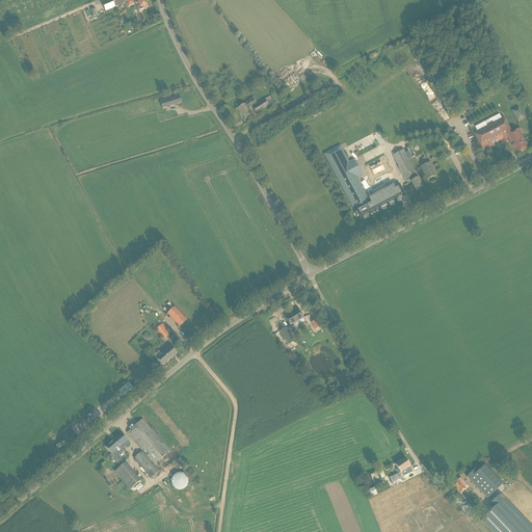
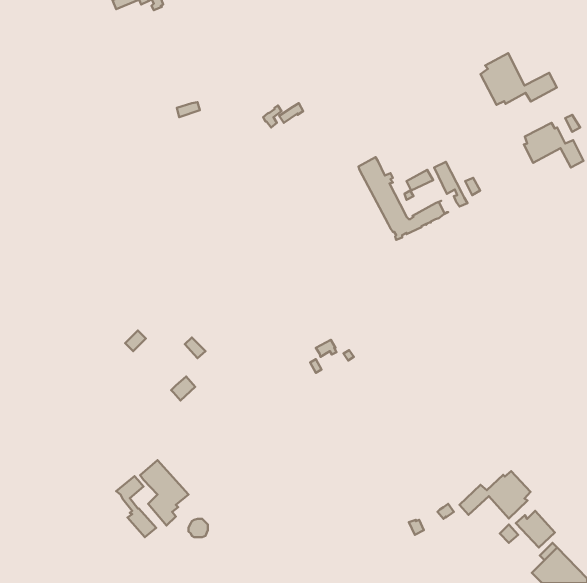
building: none -> [480,53,557,105]
building: none -> [460,471,530,518]

